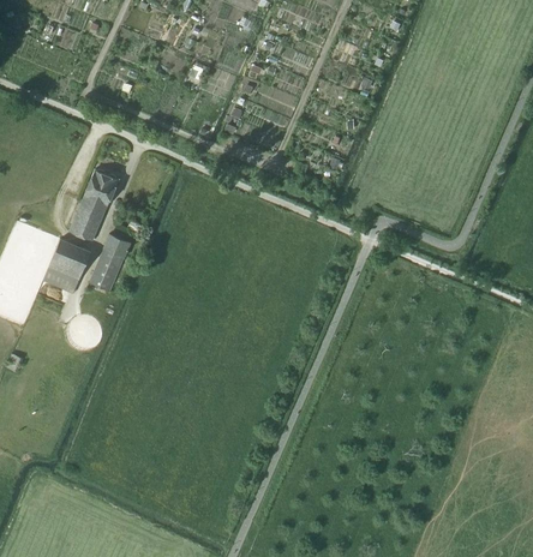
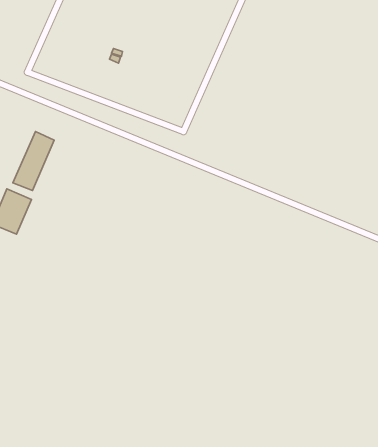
building: [88,234,130,292] -> none

